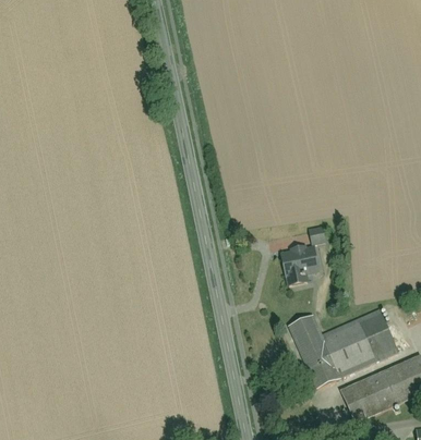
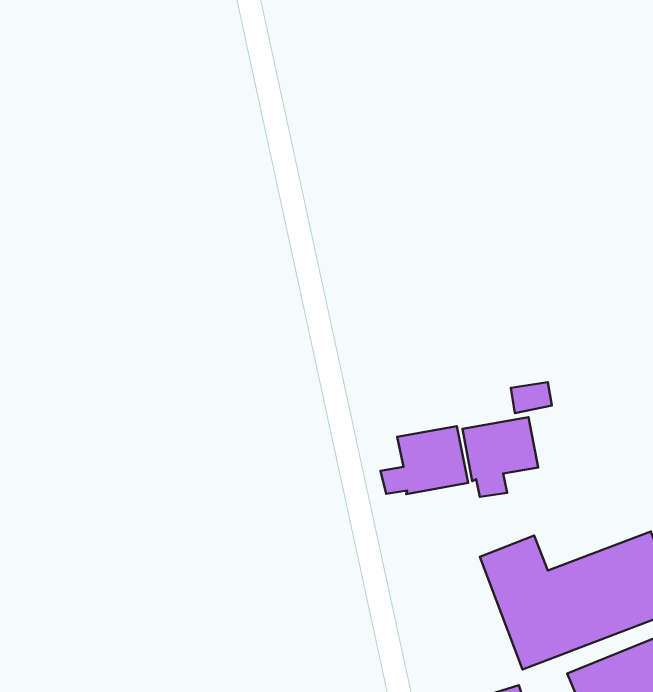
building: none -> [381,426,468,494]

